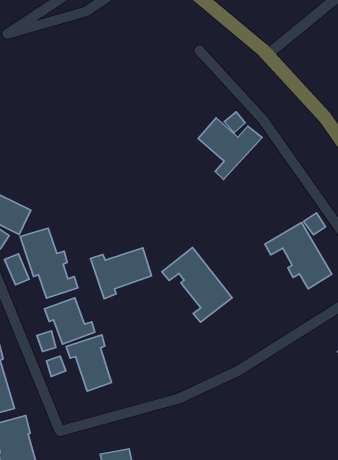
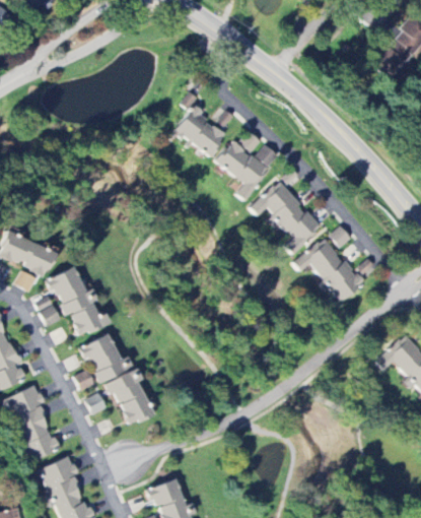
building: none -> [174,107,227,155]
building: [162,247,232,322] -> [249,180,322,254]
building: [90,248,151,299] -> none

